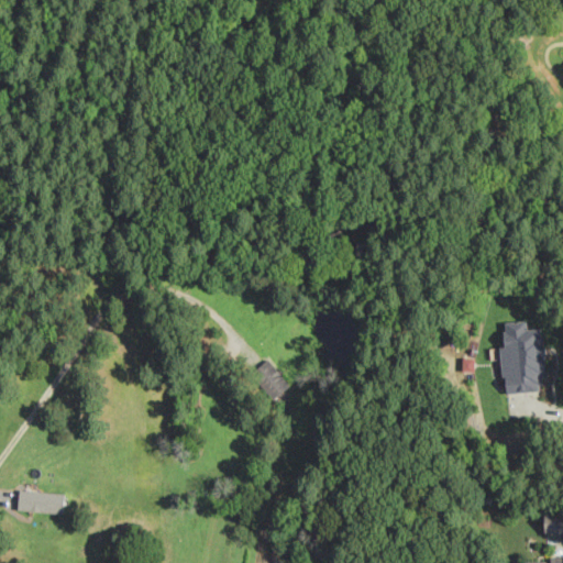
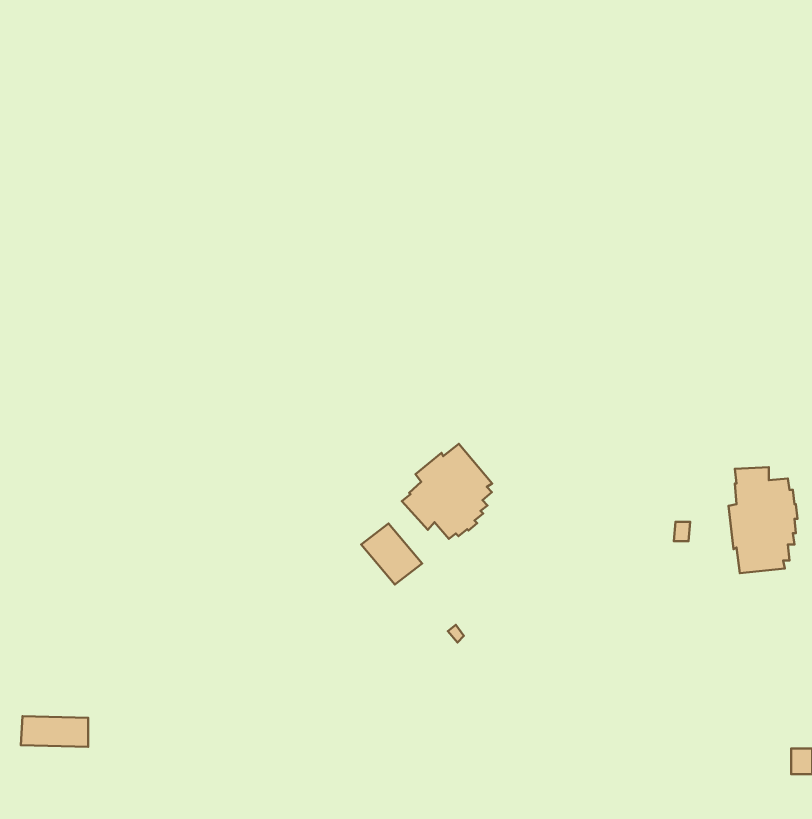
building: none -> [402,444,492,539]

